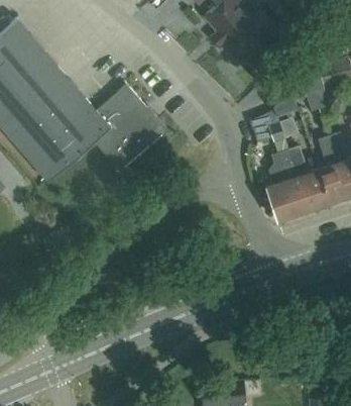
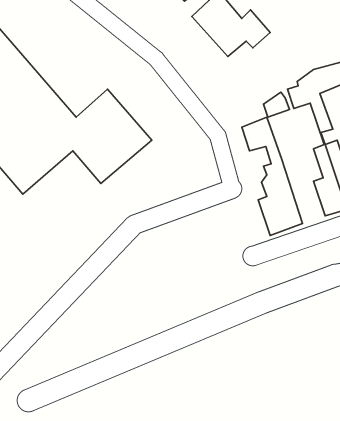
building: [287,146,328,209] -> none

